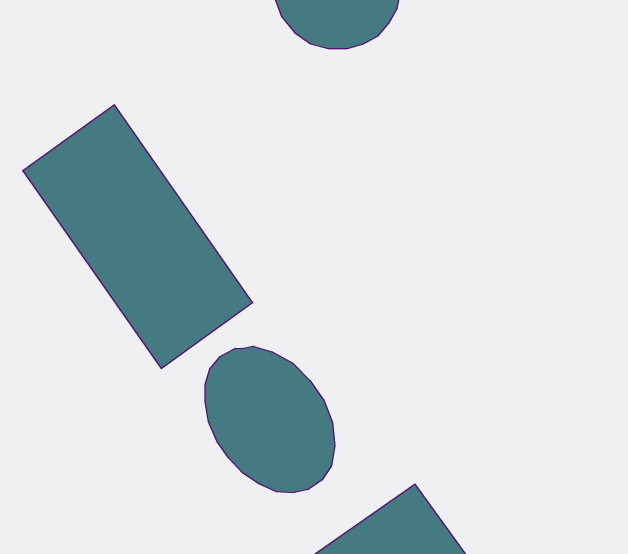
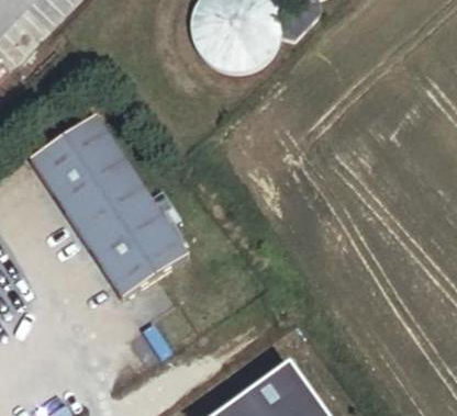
building: [205,346,335,493] -> none

